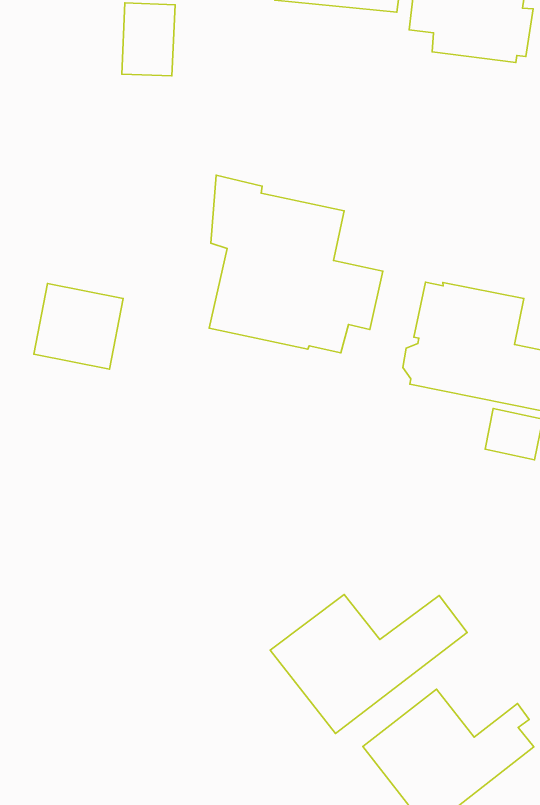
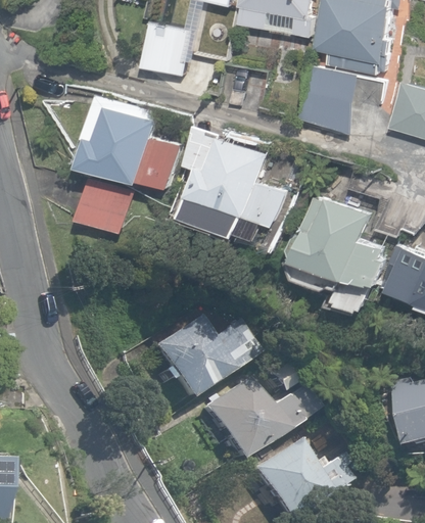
building: none -> [299,61,362,131]
building: none -> [81,94,182,188]
building: none -> [148,317,256,401]

